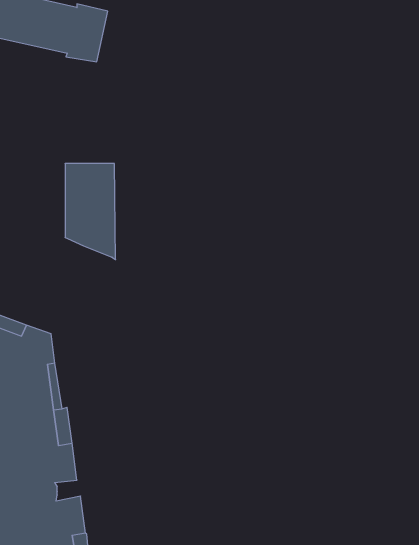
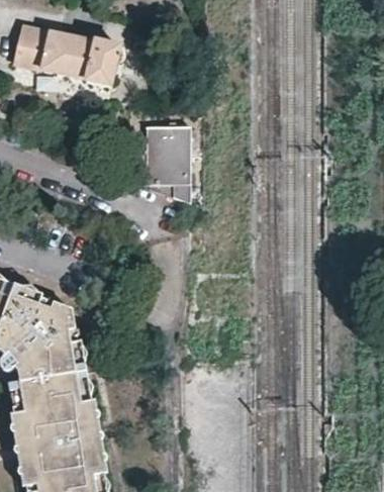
building: [65,164,116,260] -> [147,125,188,204]

